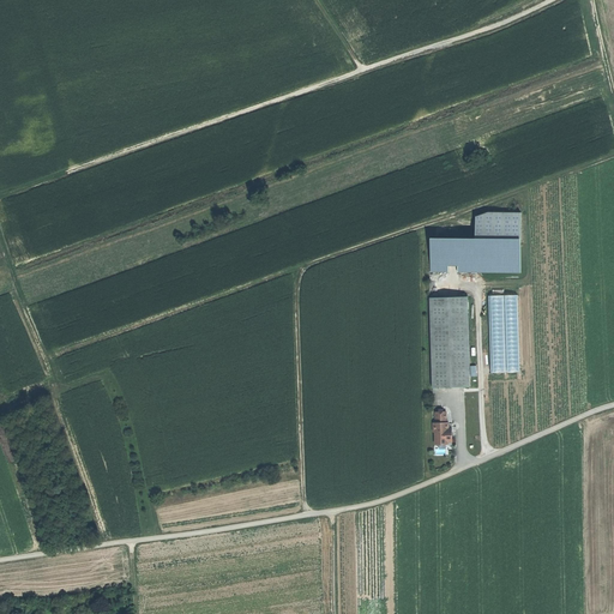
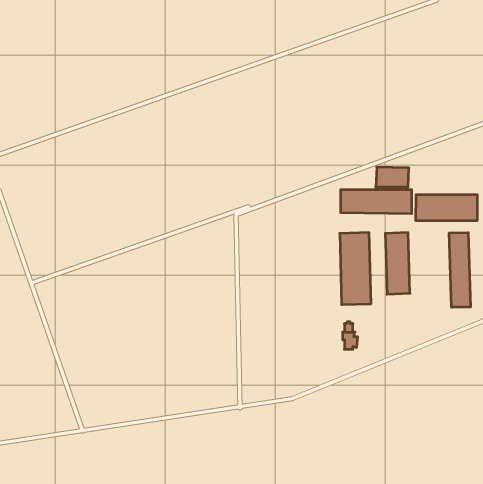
building: none -> [416,195,477,221]
building: none -> [449,233,470,307]

